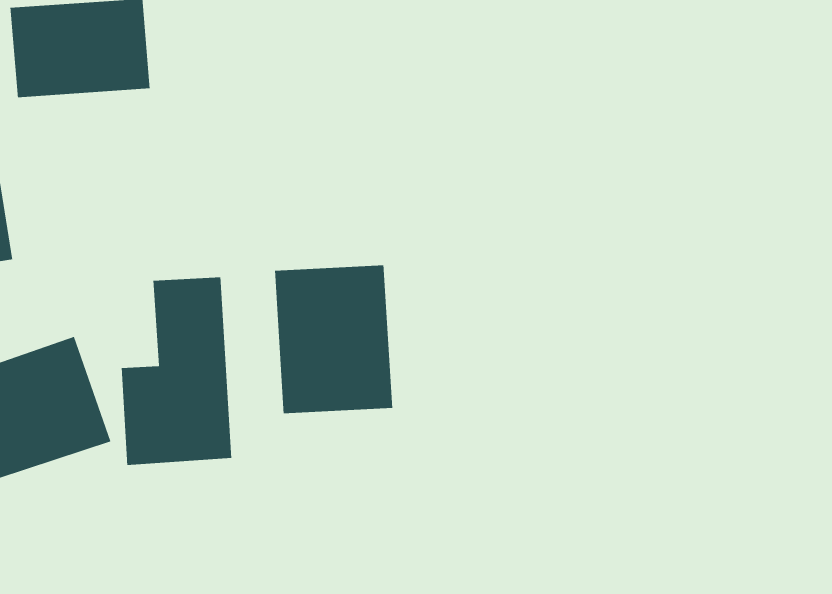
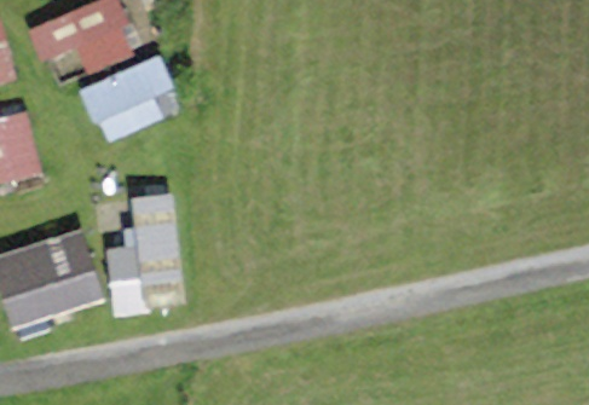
building: none -> [79,53,179,141]
building: [274,265,393,414] -> none

